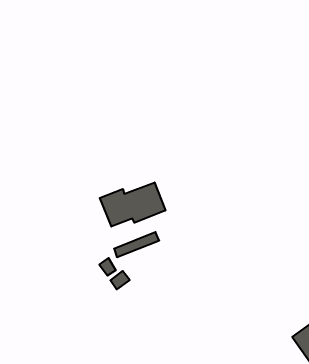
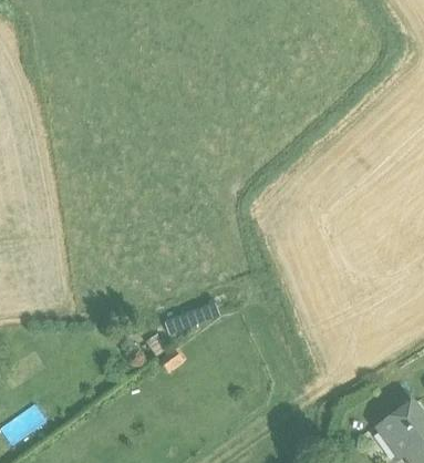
building: [100,182,165,227] -> none

